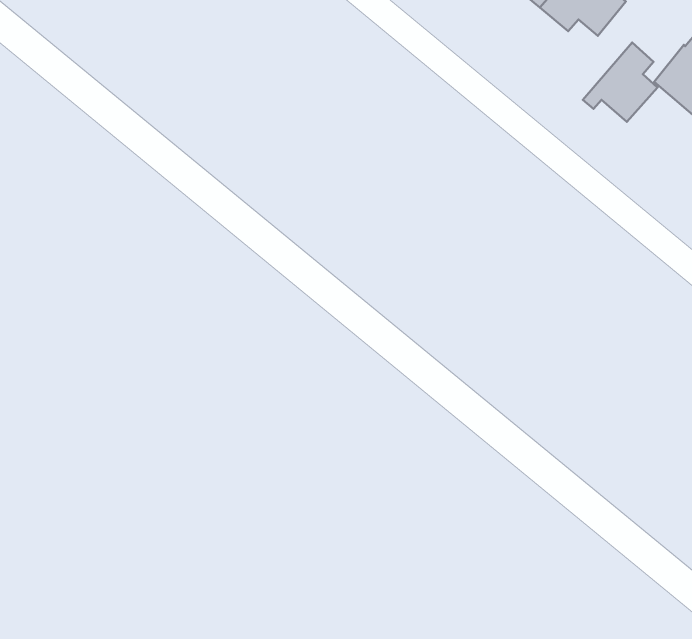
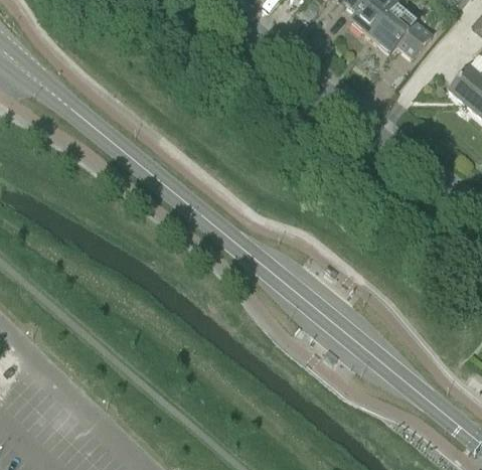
building: [583,43,658,122] -> none

